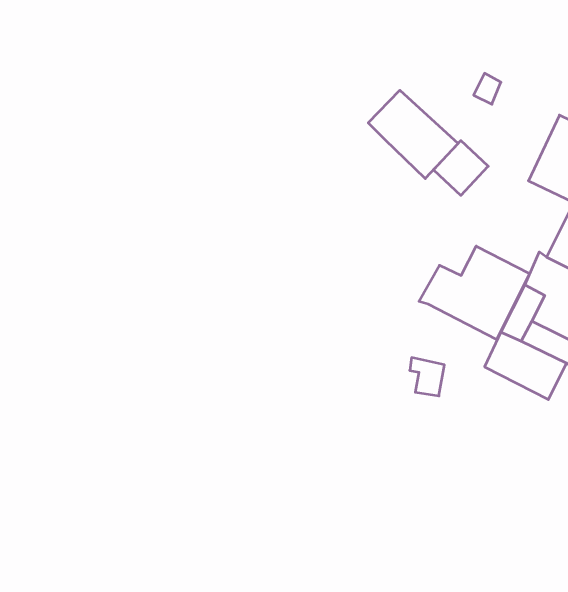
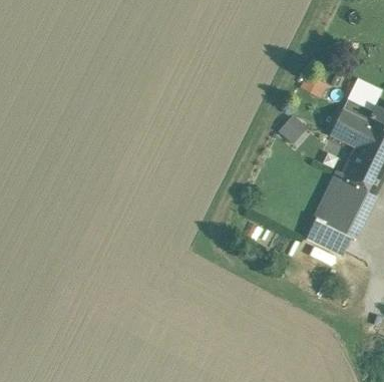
building: [368,90,458,179] -> none
building: [419,246,530,339] -> none

